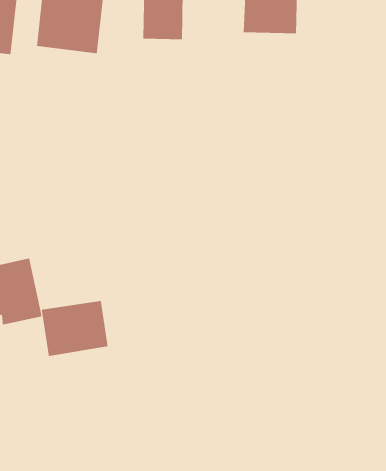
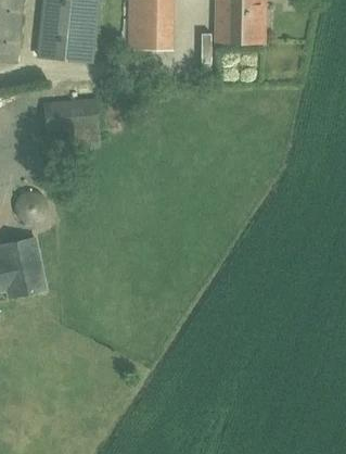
building: none -> [44,100,100,152]
building: [41,300,108,357] -> none

